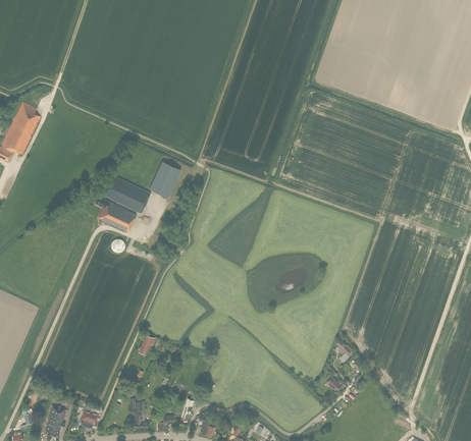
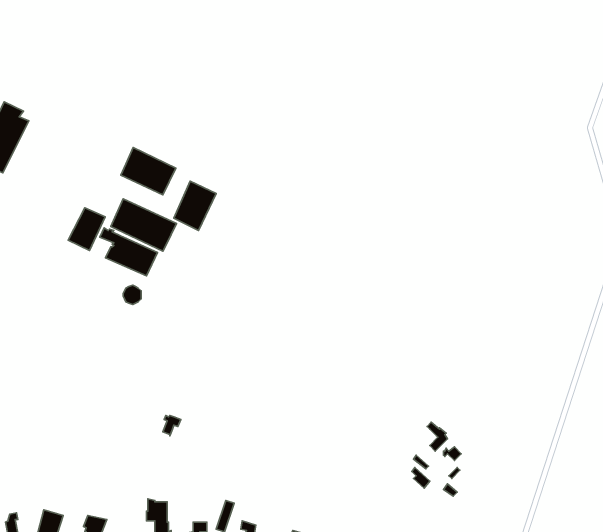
building: none -> [121,148,176,195]
building: none -> [68,208,105,250]

